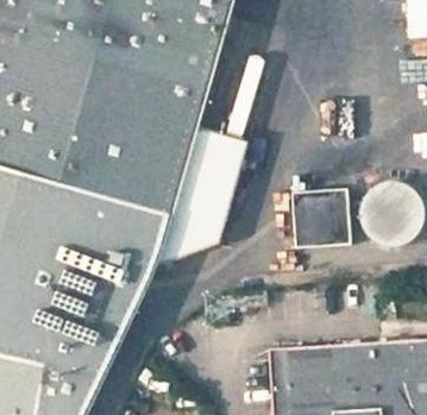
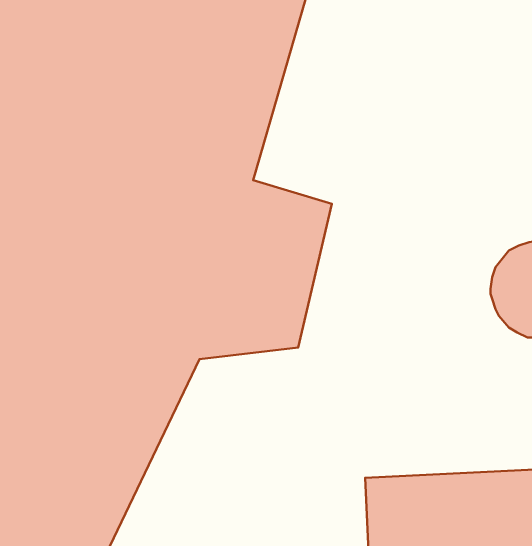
building: [289,187,366,249] -> none

